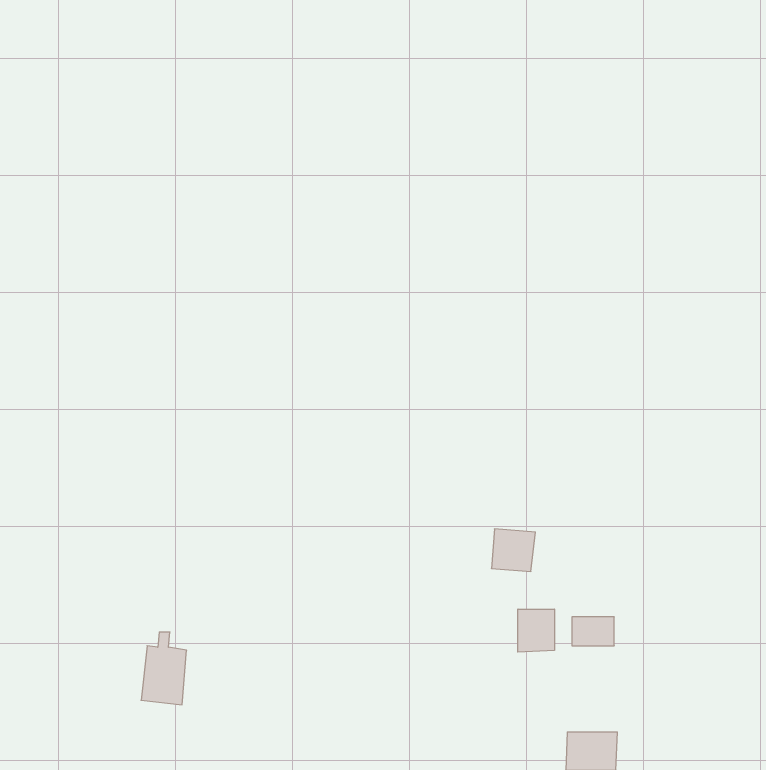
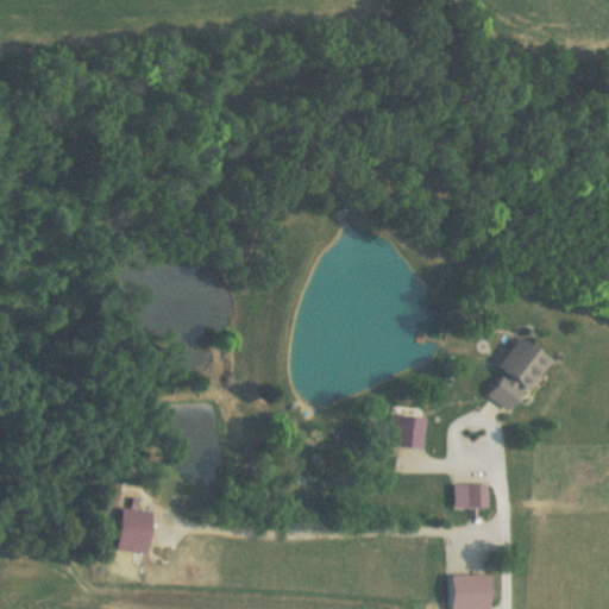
building: none -> [489,337,551,413]
building: [518,609,554,652] -> none

